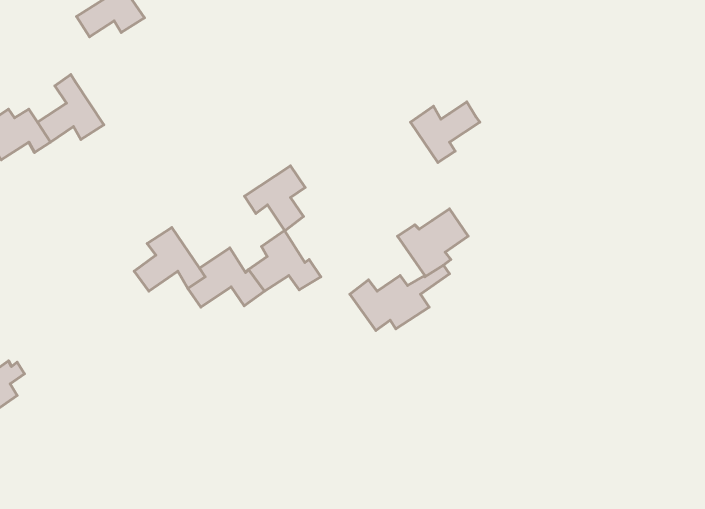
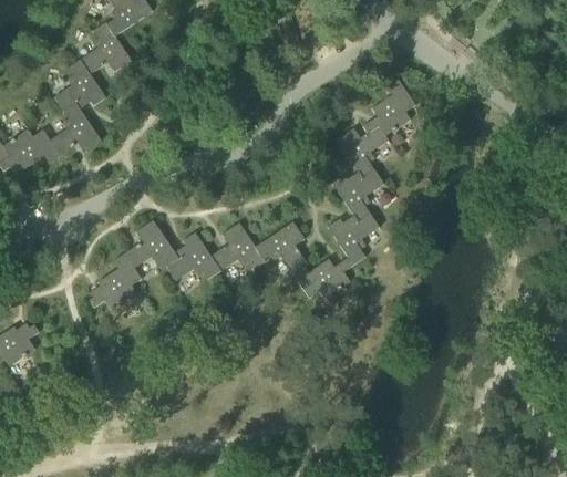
building: none -> [53,59,105,112]
building: none -> [361,79,415,135]
building: none -> [331,162,384,215]
building: [244,166,305,231] -> [258,221,305,271]
building: none -> [85,253,142,312]

